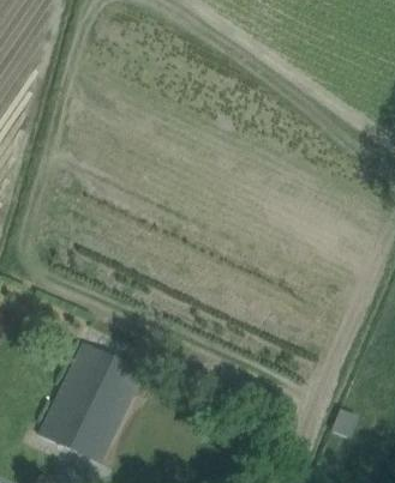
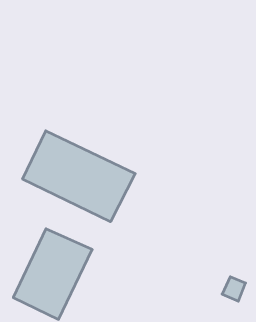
building: none -> [23,131,135,222]

